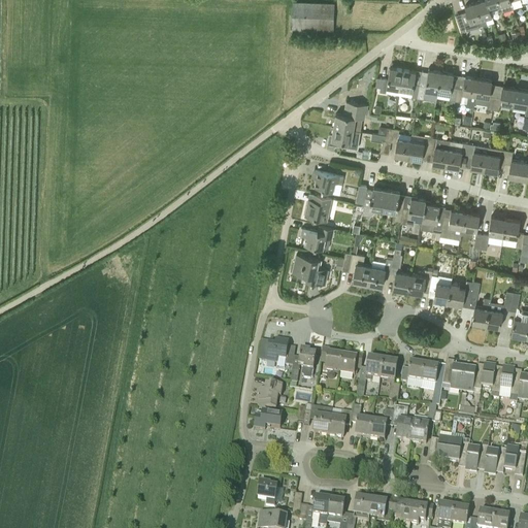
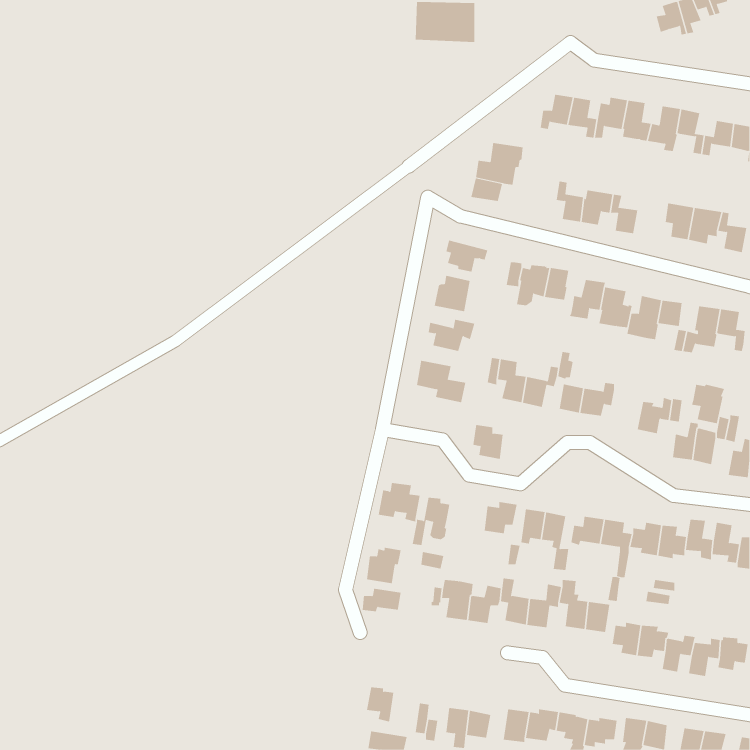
building: [444,139,468,166] -> none
building: [428,273,452,301] -> [691,384,725,424]
building: [320,348,341,372] -> [473,424,503,460]

